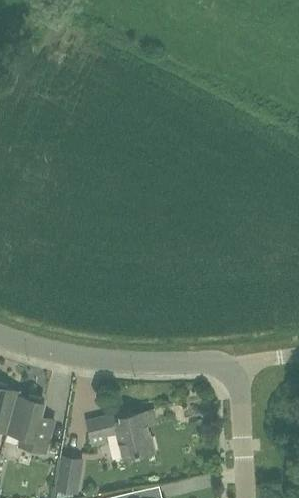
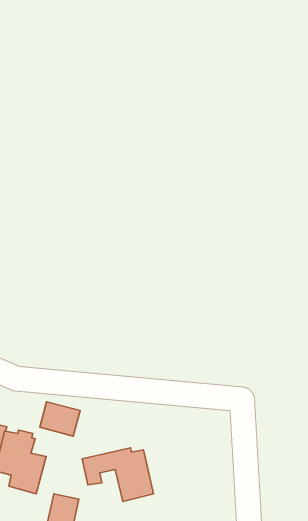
building: none -> [40,402,80,436]

